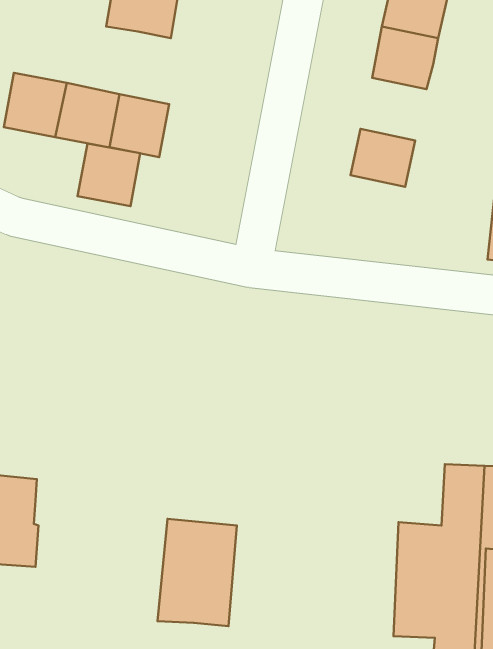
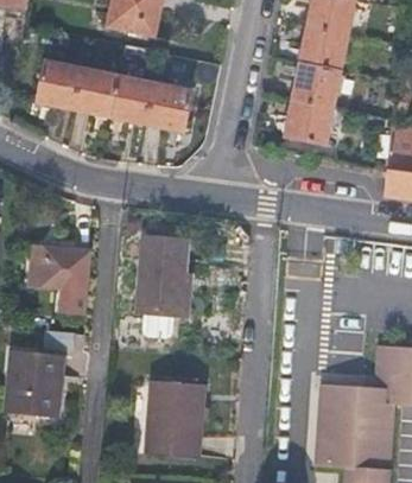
building: none -> [291,65,338,110]
building: [78,143,140,206] -> [146,84,191,129]
building: none -> [135,237,186,316]
building: none -> [40,248,88,313]

